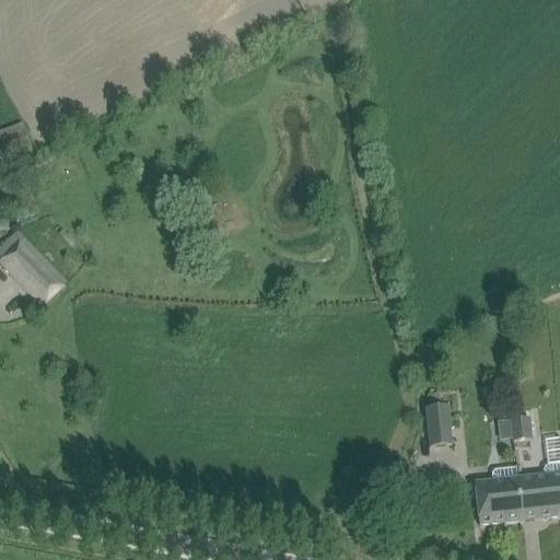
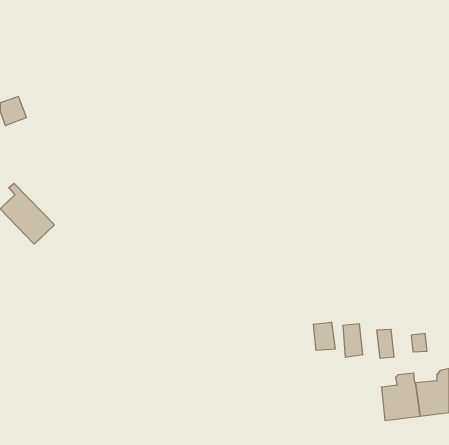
building: none -> [314,322,335,350]
building: none -> [377,329,394,358]

